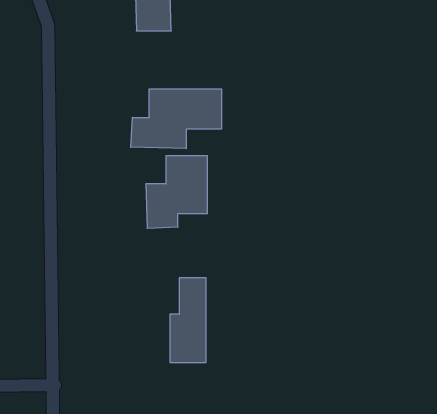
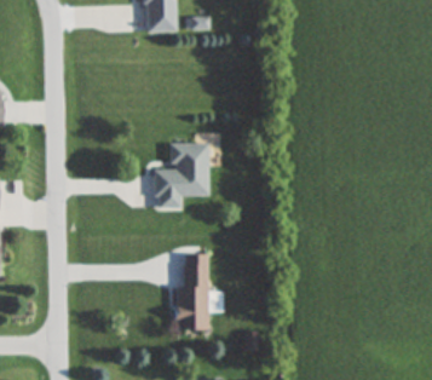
building: [131,89,222,149] -> none

